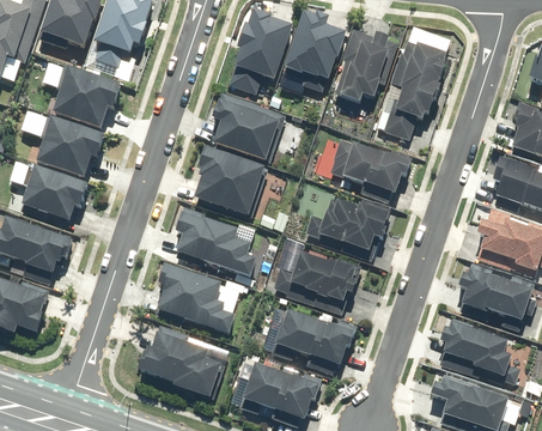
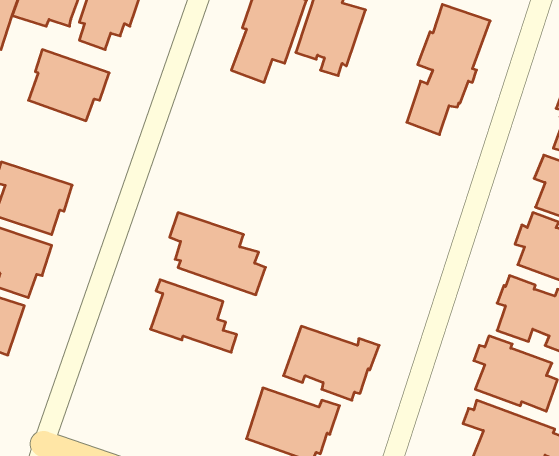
building: [334,26,397,101] -> none
building: [212,91,286,159] -> none
building: [36,110,106,176] -> none
building: [316,133,413,201] -> none
building: [195,145,266,214] -> none
building: [305,194,392,259] -> none
building: [272,236,359,314] -> none
building: [138,324,220,397] -> none

